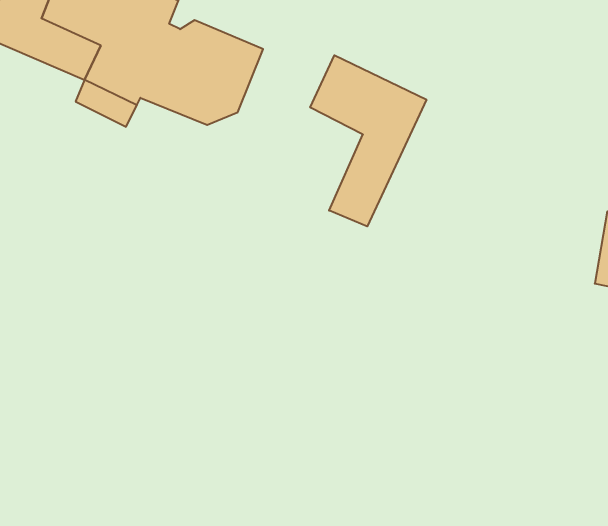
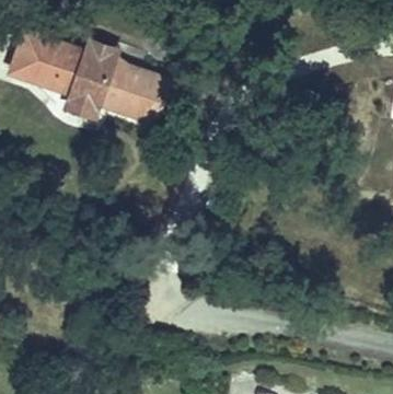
building: [310,55,426,226] -> none

